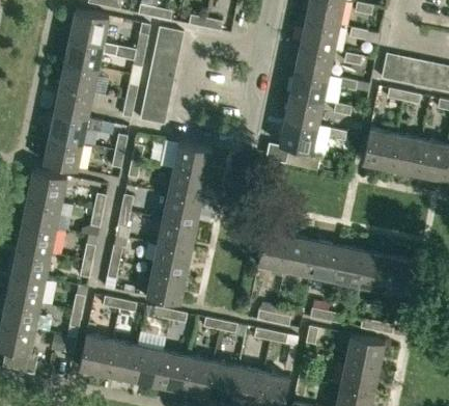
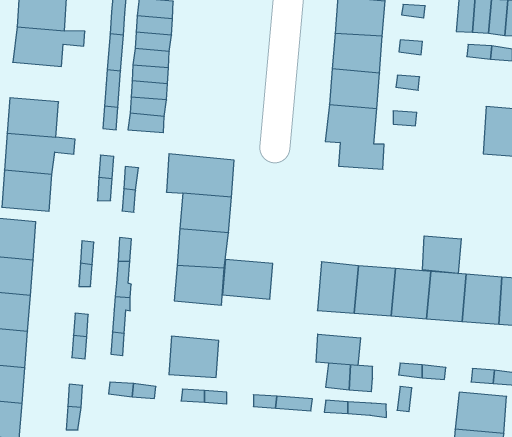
building: [59,60,99,92] -> none
building: [363,129,396,167] -> none
building: none -> [422,236,461,274]
building: [152,244,191,276] -> [223,259,273,299]
building: none -> [316,334,360,365]

